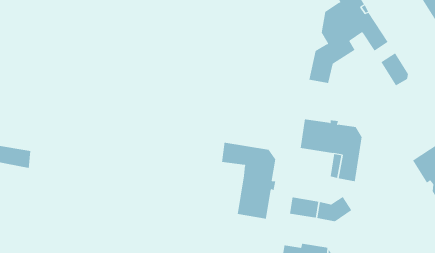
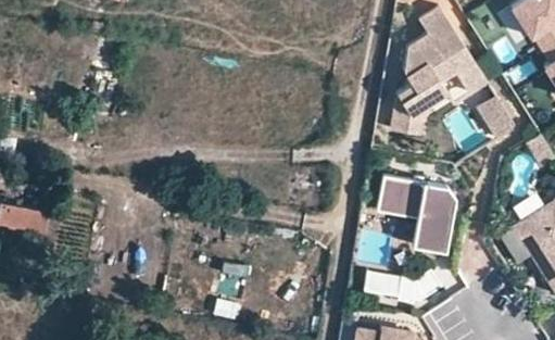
building: [222,142,276,219] -> none

